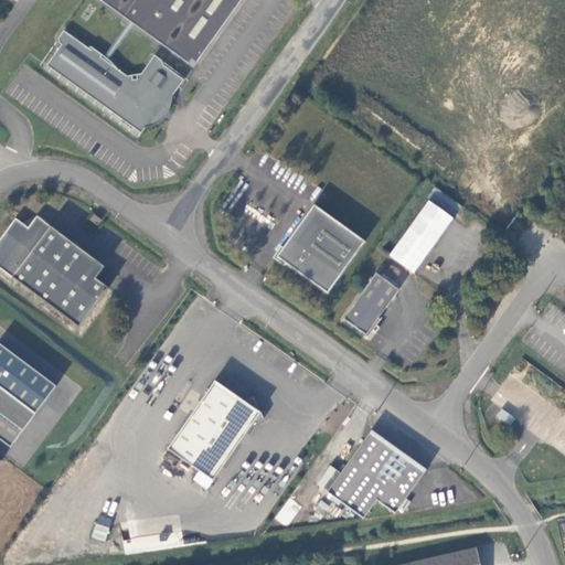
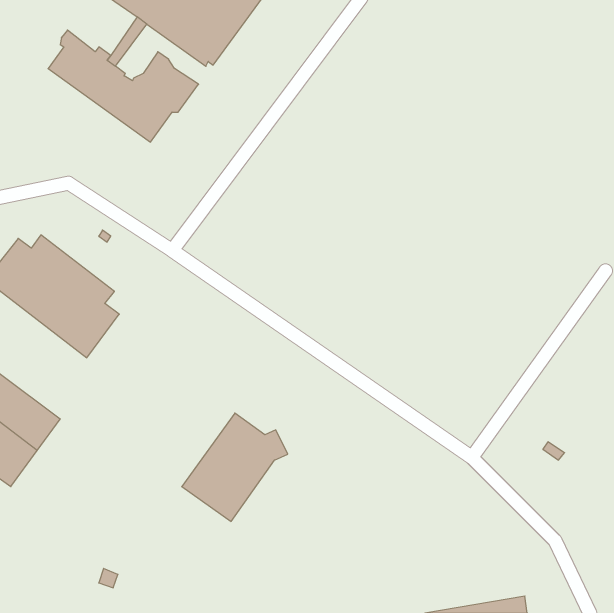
building: [392,200,454,270] -> none
building: [277,202,365,290] -> none
building: [343,270,399,333] -> none
building: [329,428,426,515] -> none

